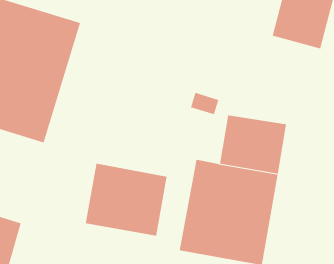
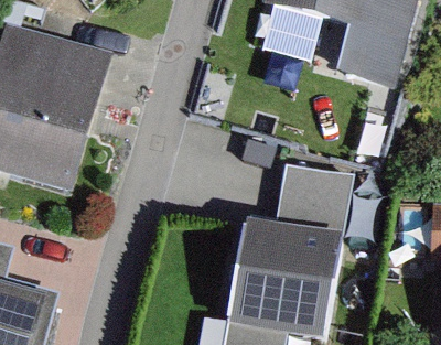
building: [85,163,167,236] -> none

